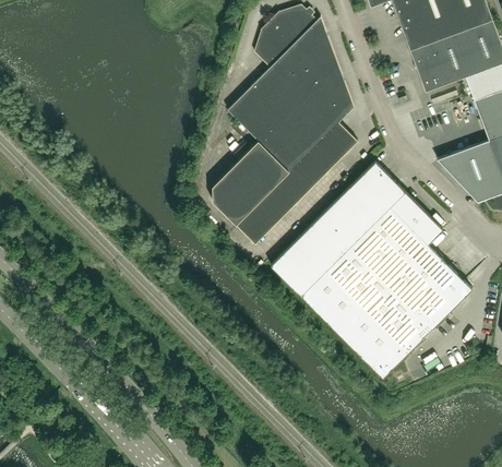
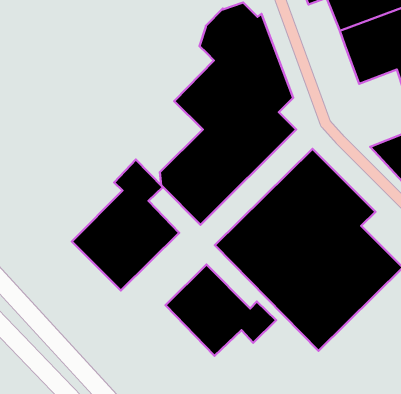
building: none -> [72,160,179,291]
building: none -> [165,265,276,356]

